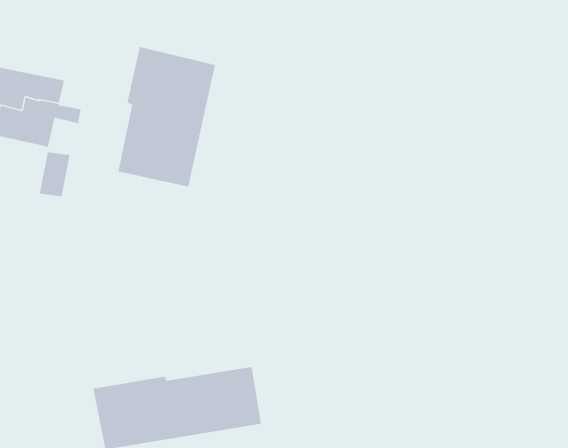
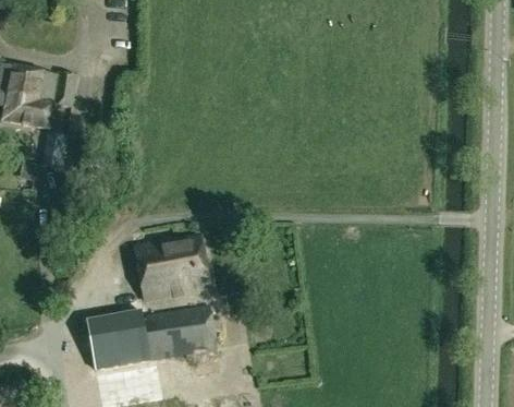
building: [117,46,216,188] -> none
building: none -> [134,235,209,301]

